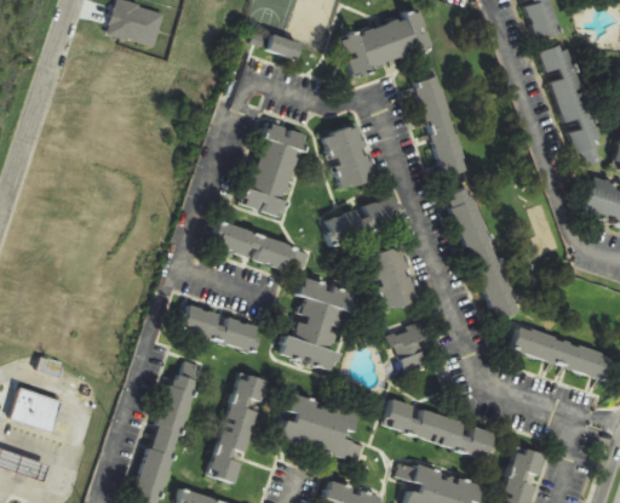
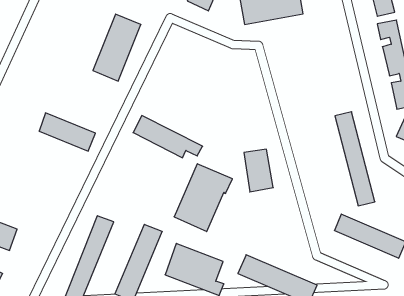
building: [414,75,465,179] -> none
building: [243,122,304,217] -> [93,14,141,81]
building: [323,124,375,189] -> none
building: [447,187,517,319] -> [335,112,375,206]
building: [322,193,404,246] -> none
building: [179,304,259,351] -> [39,113,95,151]
building: [386,324,432,375] -> none

